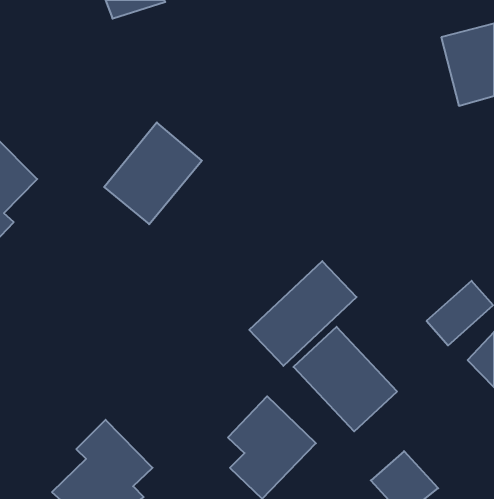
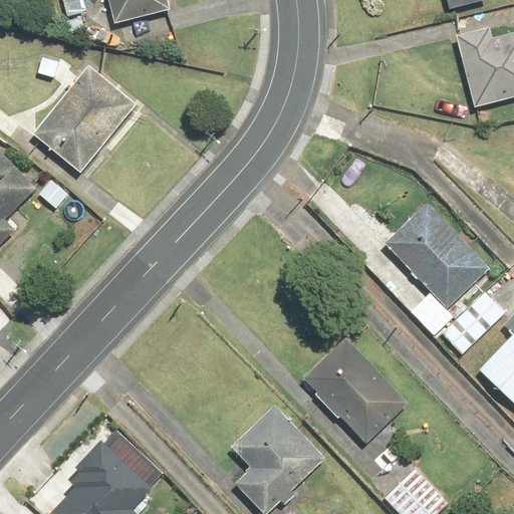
building: [104,122,202,224] -> [38,67,139,172]
building: none -> [383,203,490,324]
building: [249,261,357,366] -> none

